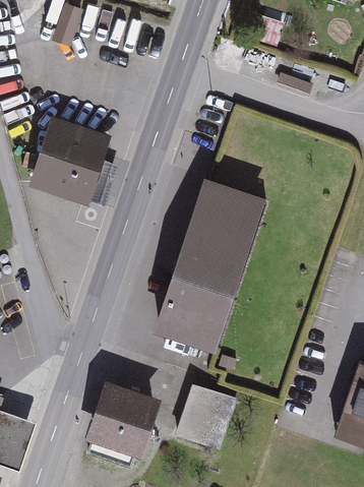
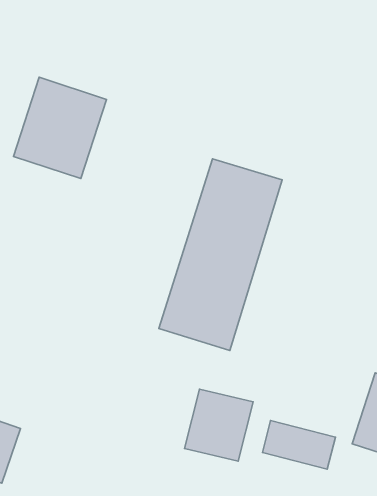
building: [82,386,159,466] -> none
building: none -> [262,421,335,469]

